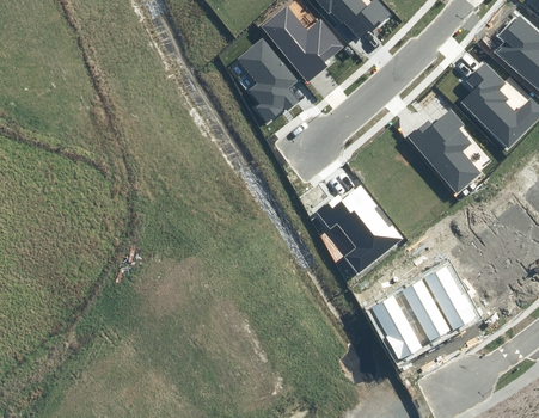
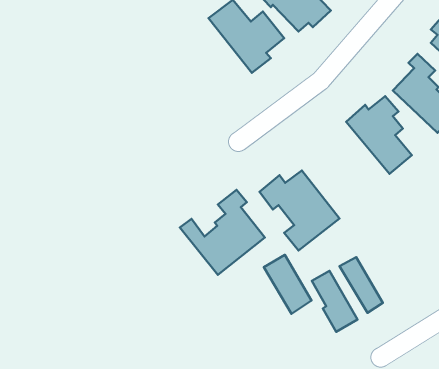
building: [237,38,299,122] -> none
building: none -> [180,190,265,275]
building: [423,265,474,328] -> [264,255,311,314]

